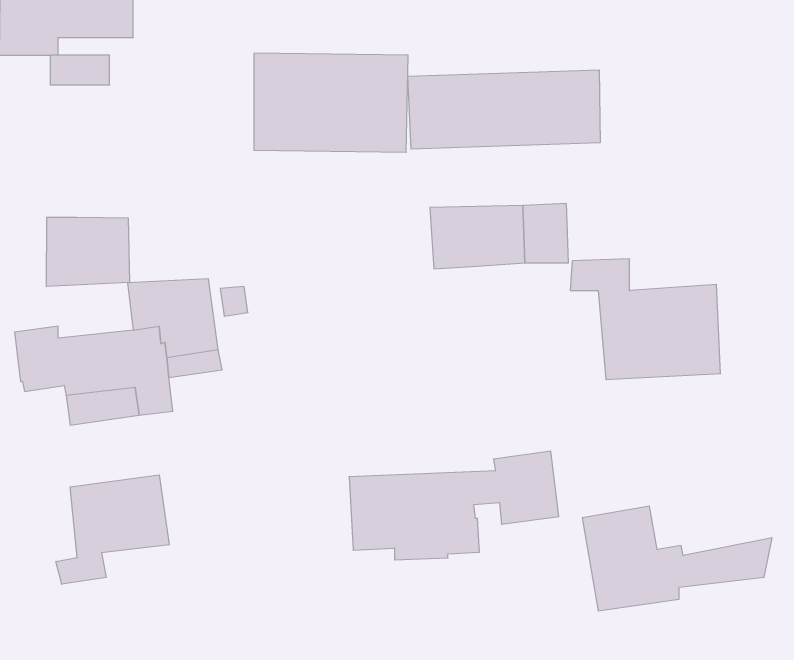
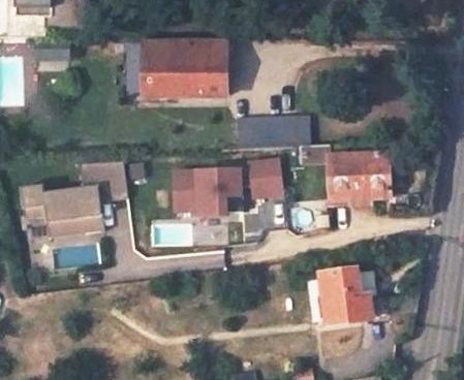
building: [408,70,600,149] -> none
building: [46,217,129,287] -> none
building: [349,451,559,560] -> [174,159,283,216]
building: [56,475,169,584] -> none

